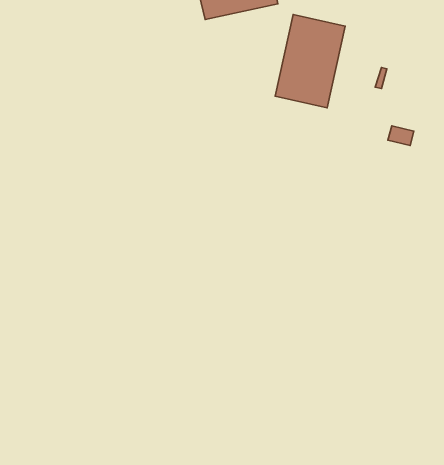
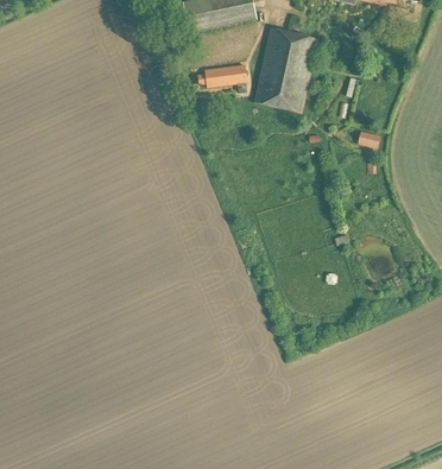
building: none -> [204,63,247,88]

